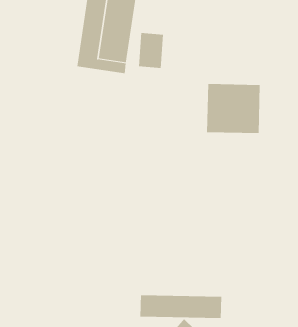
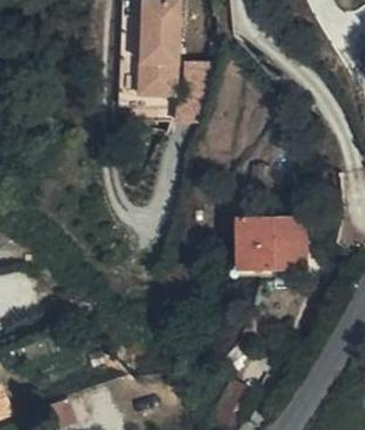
building: [206,84,261,134] -> [244,224,305,280]
building: [140,295,222,319] -> none

